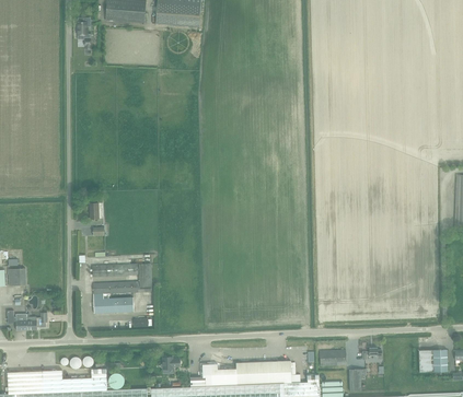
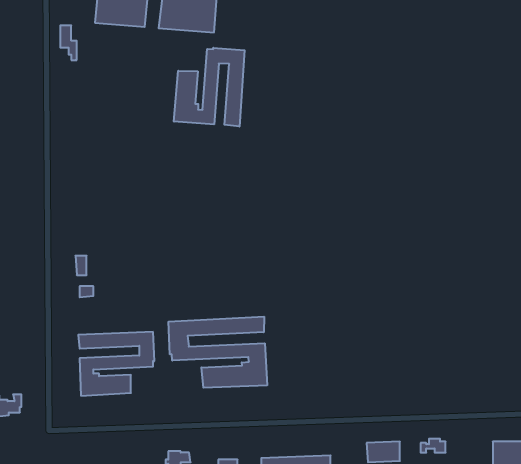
building: none -> [174,48,245,127]
building: none -> [169,317,267,388]

